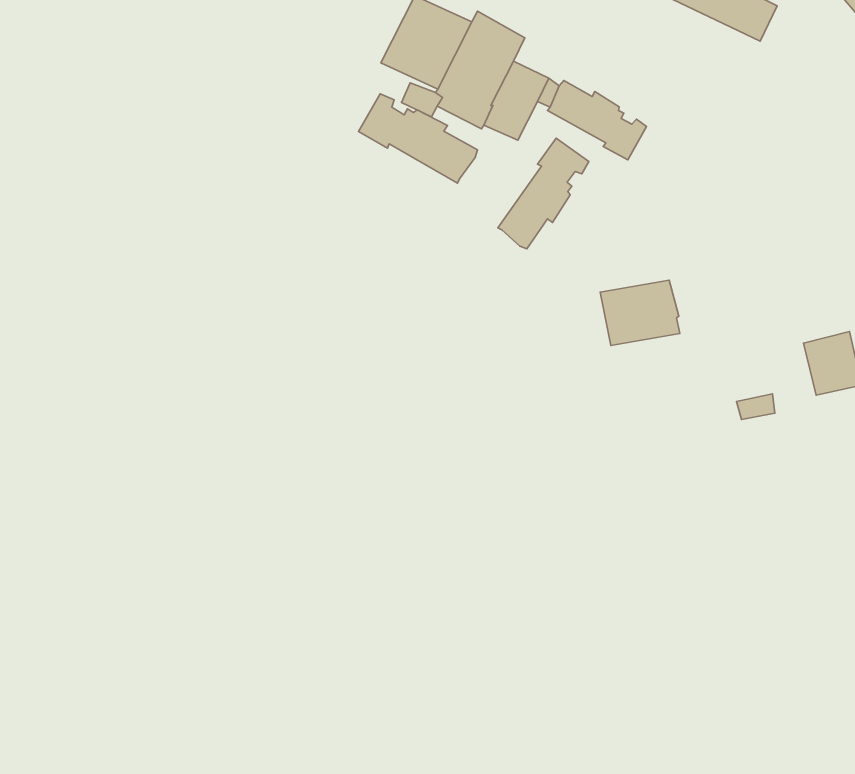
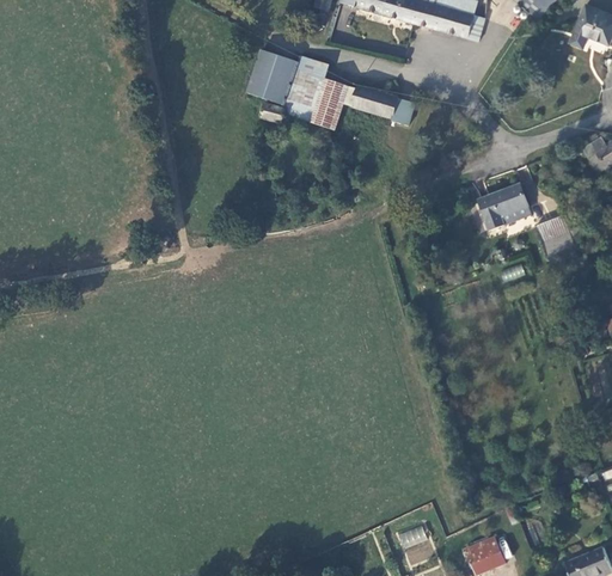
building: [359,94,477,183] -> none
building: [498,138,589,249] -> none
building: [600,280,680,346] -> [478,184,532,231]

